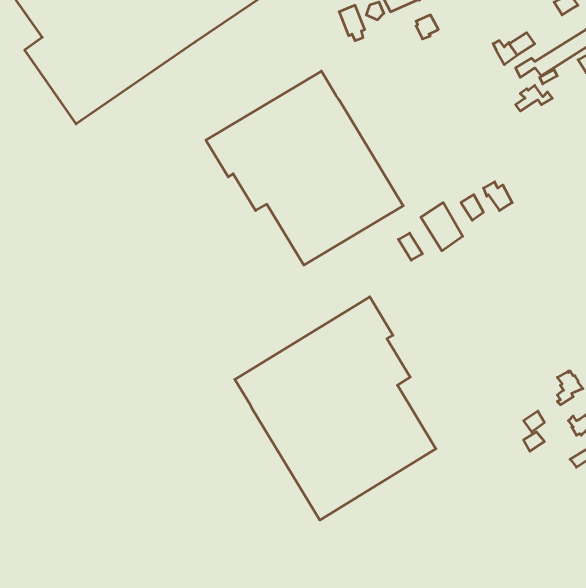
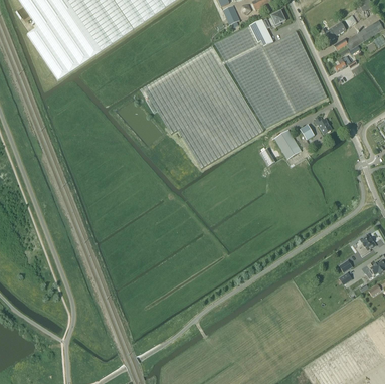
building: none -> [214,17,327,127]
building: [235,297,436,520] -> none

